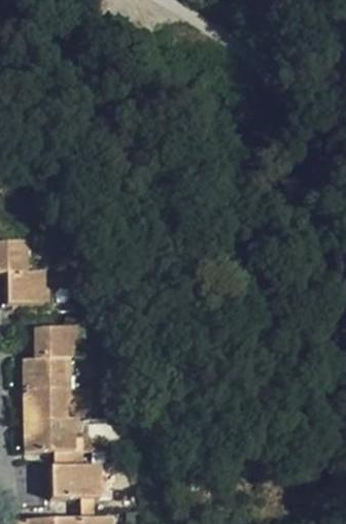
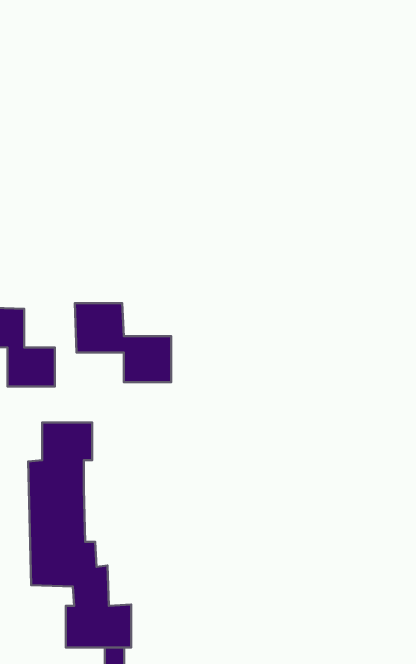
building: none -> [75,303,171,382]

